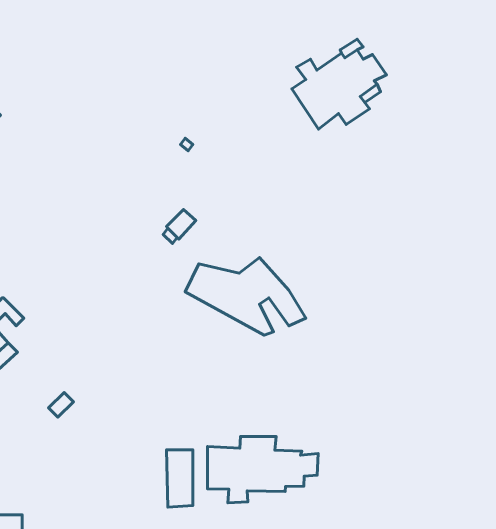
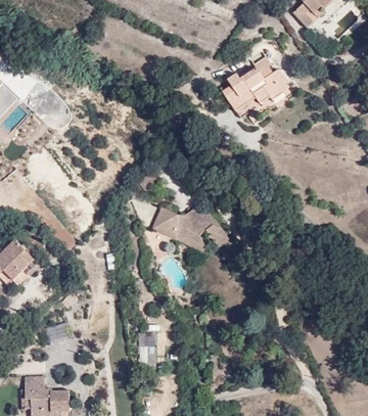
building: [208,436,318,503] -> none

